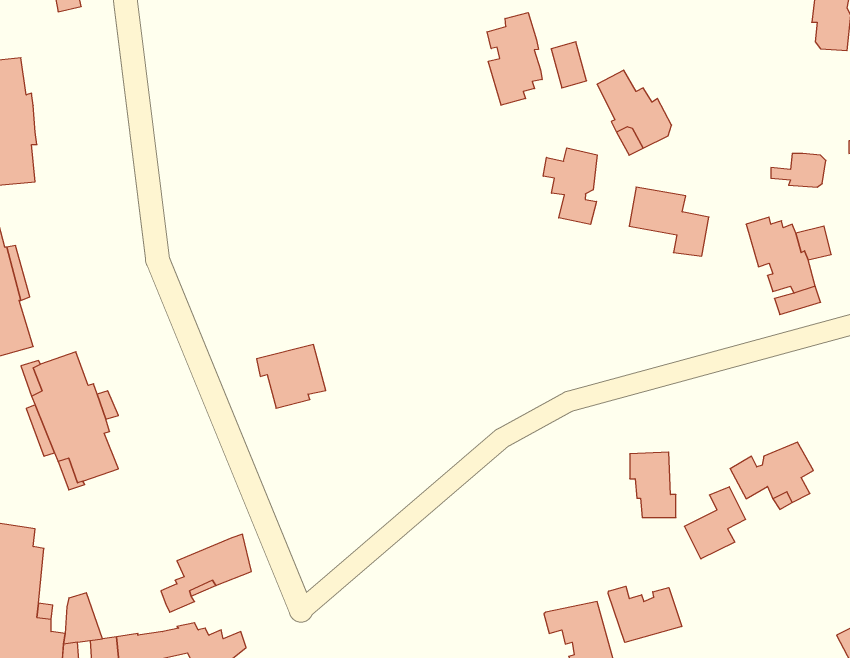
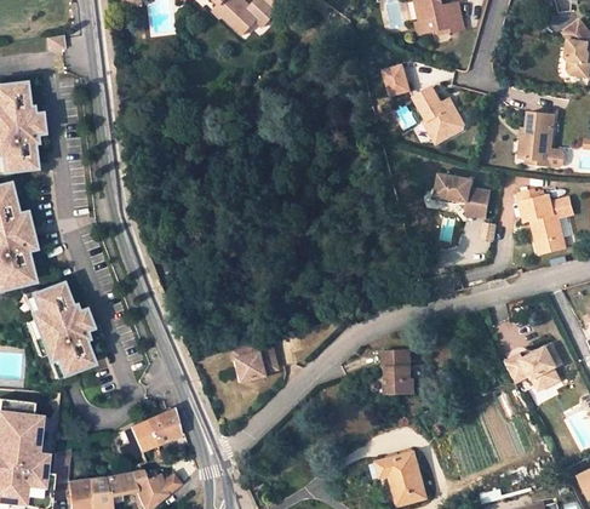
building: [487,13,542,105] -> none
building: none -> [522,110,560,158]
building: [543,148,597,224] -> none
building: [257,345,326,408] -> [229,338,276,382]
building: [630,452,676,518] -> [383,348,414,393]
building: [684,487,746,559] -> none
building: [608,586,682,642] -> none

